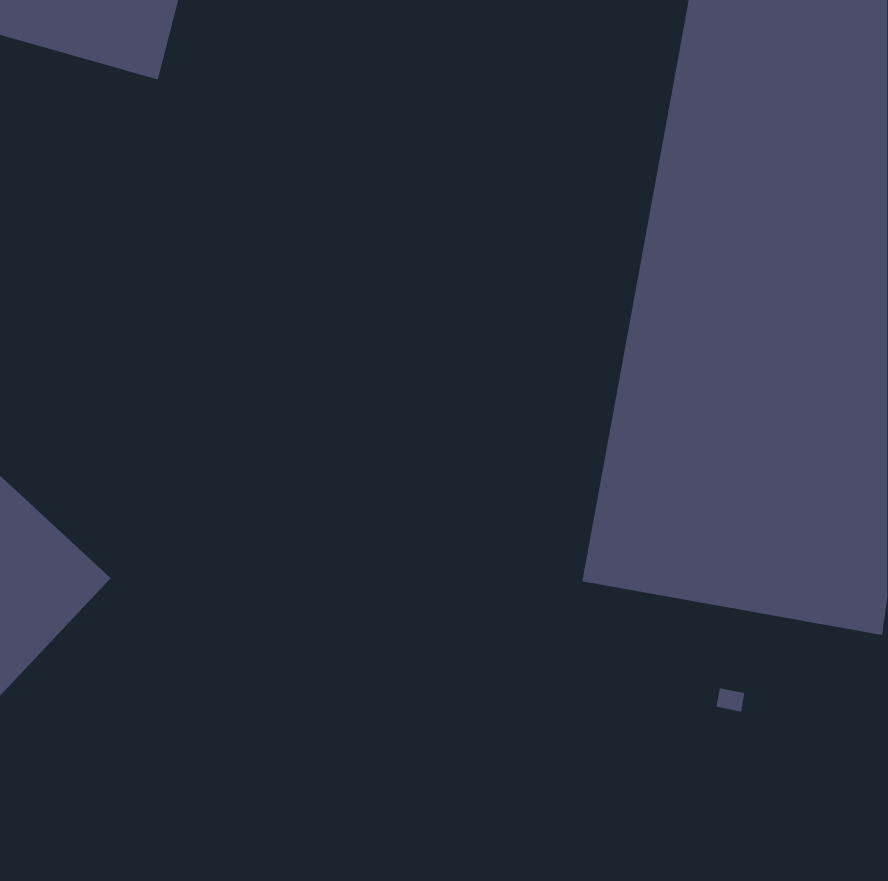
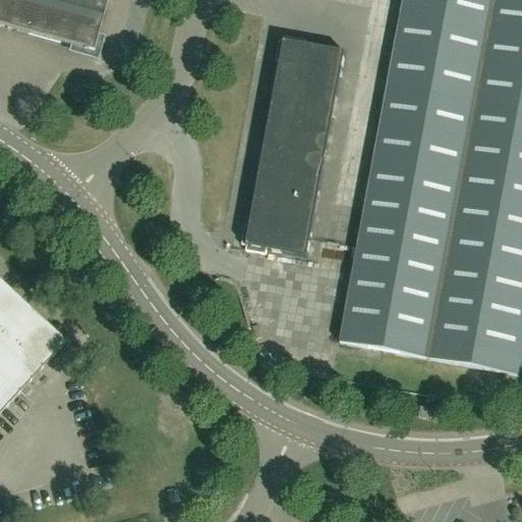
building: none -> [242,33,345,253]

